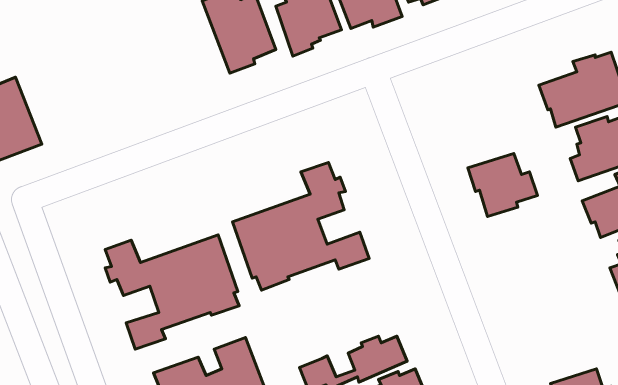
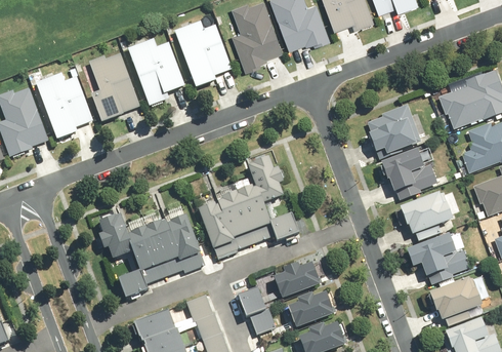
building: none -> [127,39,185,109]
building: none -> [87,55,140,122]
building: none -> [35,74,92,141]
building: none -> [366,105,424,155]
building: none -> [399,191,453,235]
building: none -> [406,233,467,285]
building: none -> [238,263,320,318]
building: none -> [429,278,483,317]

